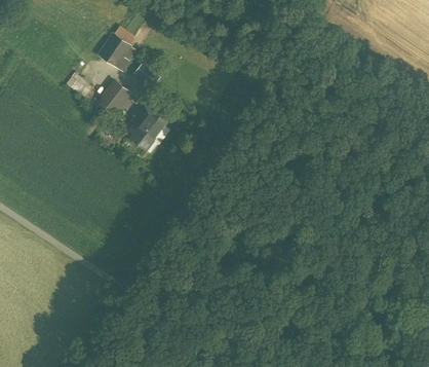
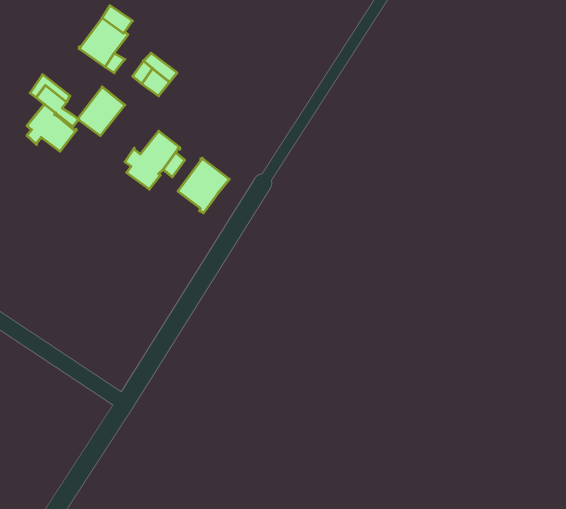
building: none -> [27,104,76,151]
building: none -> [178,158,229,213]

